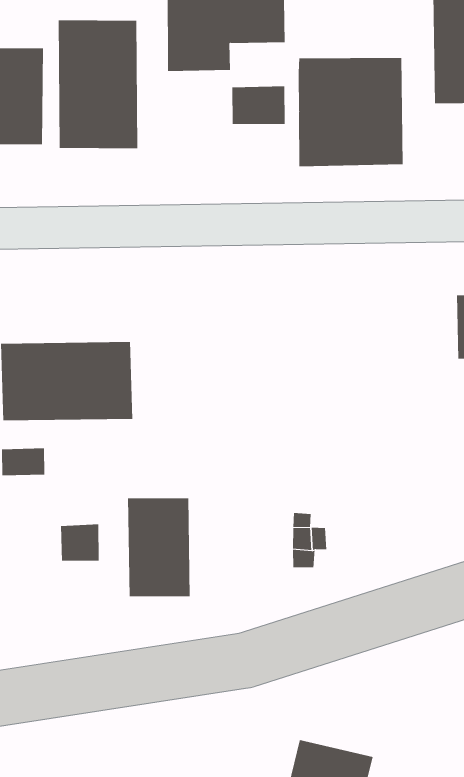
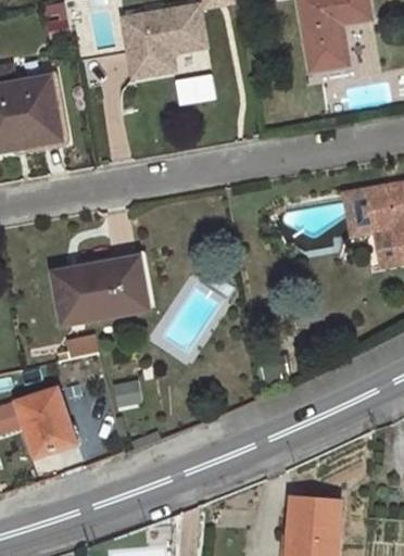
building: [58,20,138,149] -> none
building: [298,57,403,167] -> none
building: [127,497,190,597] -> none

